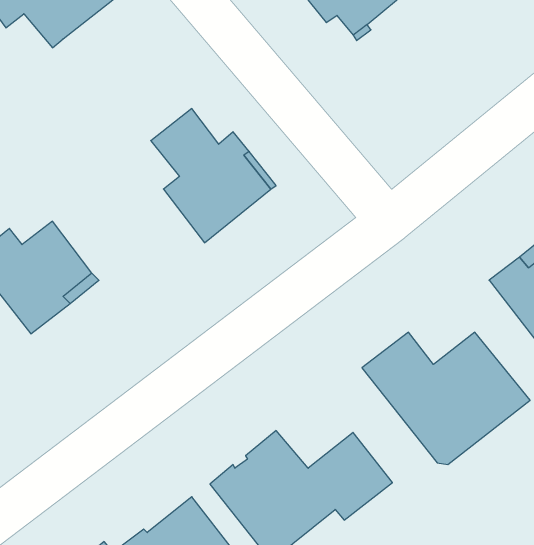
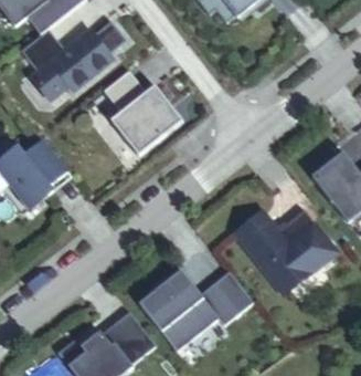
building: none -> [22,19,128,98]

